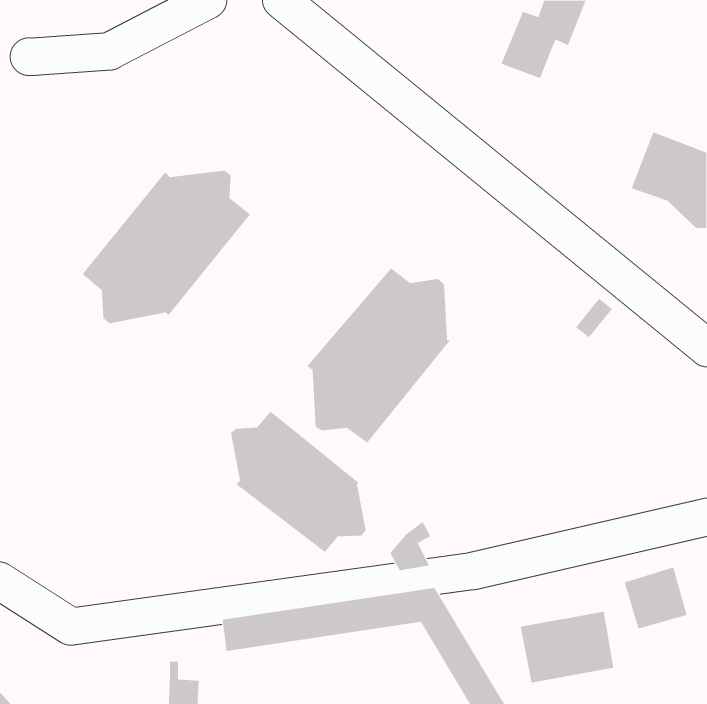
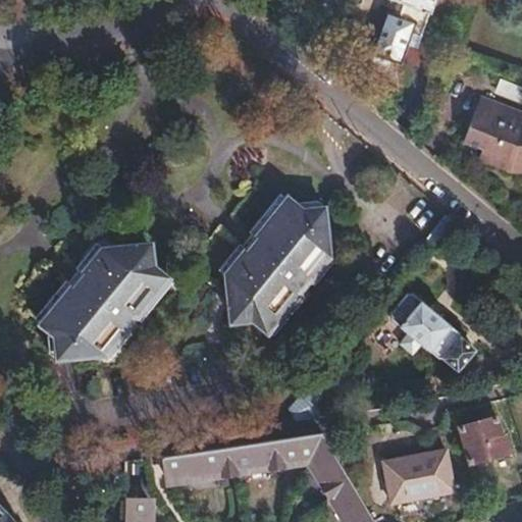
building: [82,170,251,324] -> [46,247,170,360]
building: none -> [390,294,475,370]
building: [231,411,366,553] -> none

